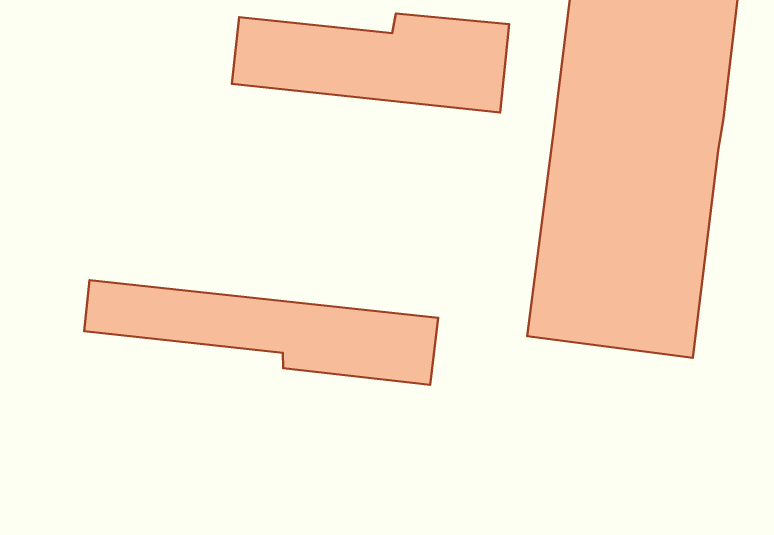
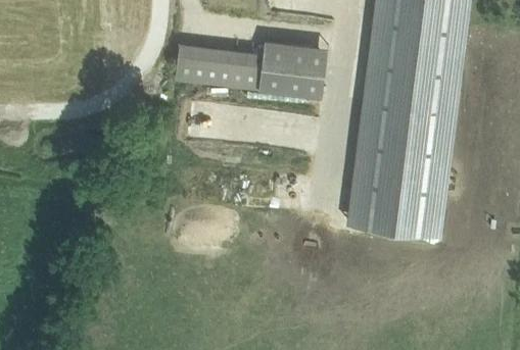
building: [84,280,438,385] -> none

